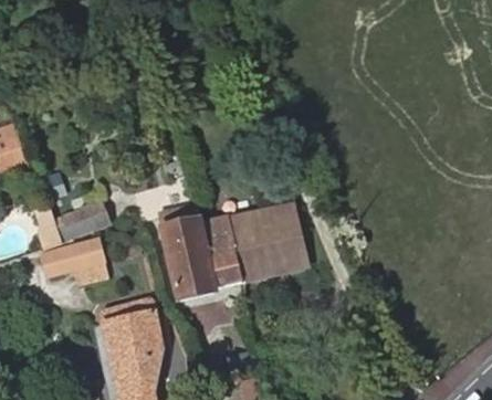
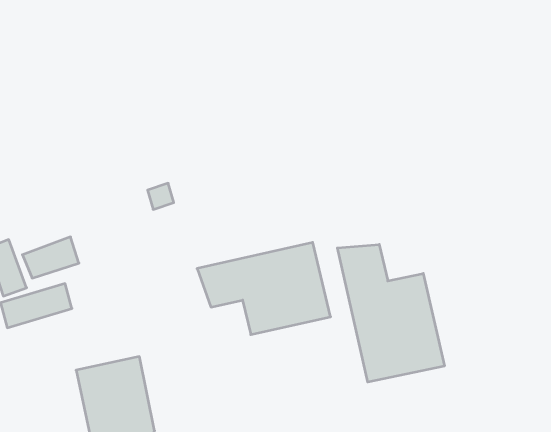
building: none -> [337,244,444,382]
building: [158,209,243,295] -> none

